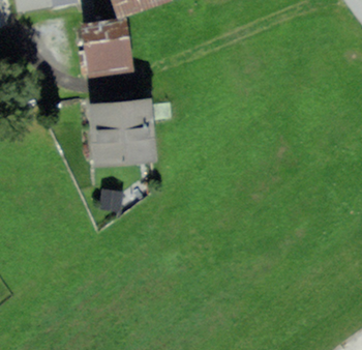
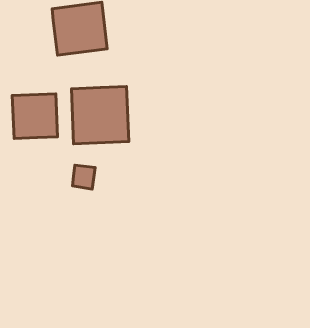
building: none -> [12,94,58,139]

